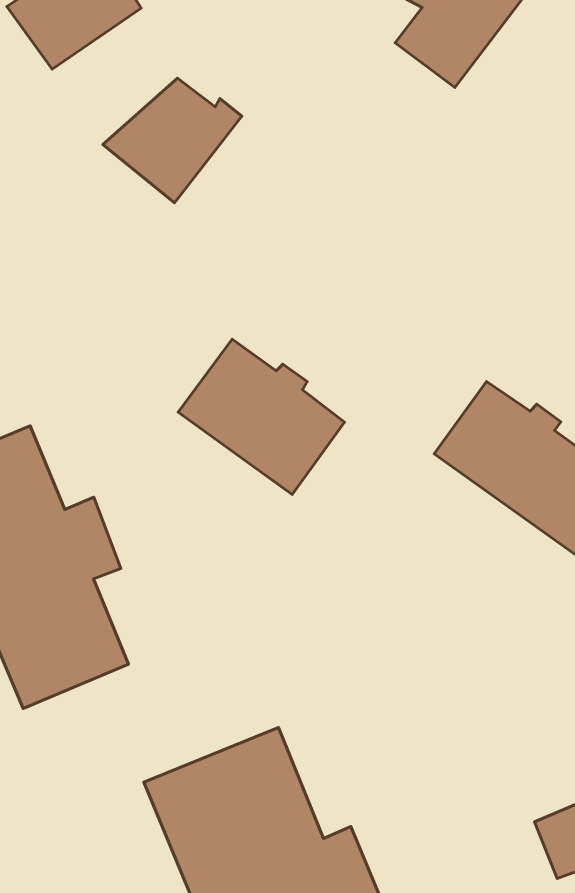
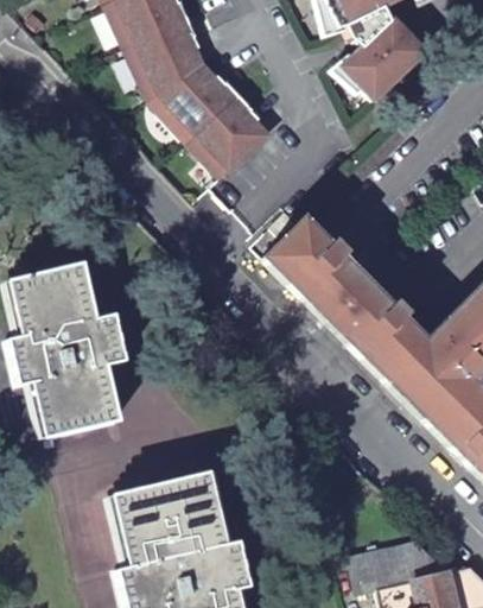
building: none -> [129,19,205,99]
building: none -> [191,95,269,177]
building: [178,339,345,495] -> [263,220,364,321]

